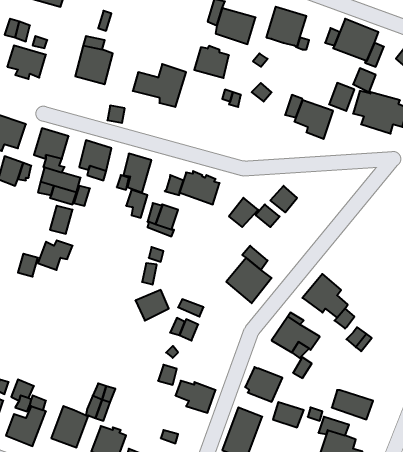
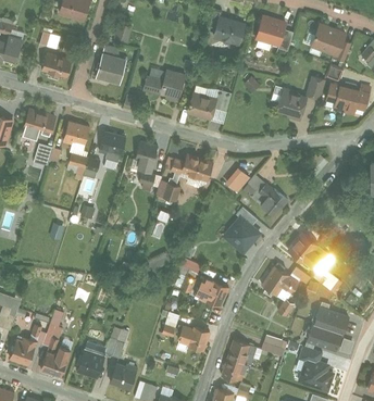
building: [194,46,229,78] -> [189,89,217,115]
building: none -> [257,187,283,220]
building: [245,367,282,402] -> [198,273,228,301]
building: none -> [313,313,347,338]

